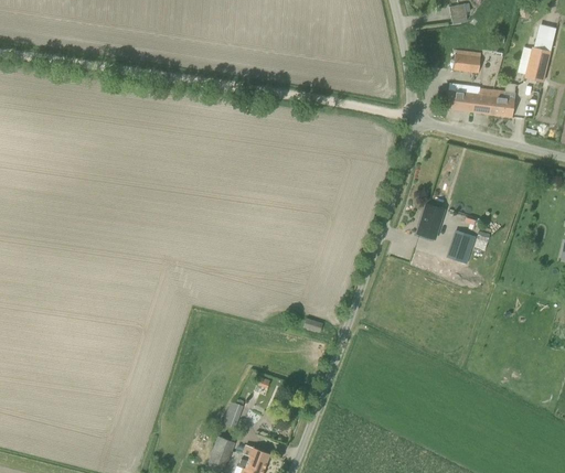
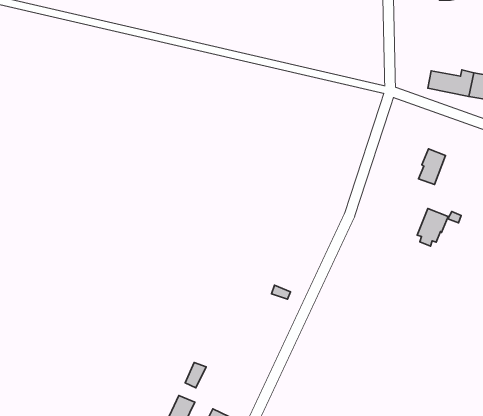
building: [454,51,481,73] -> none
building: [419,204,445,239] -> [419,149,445,184]

